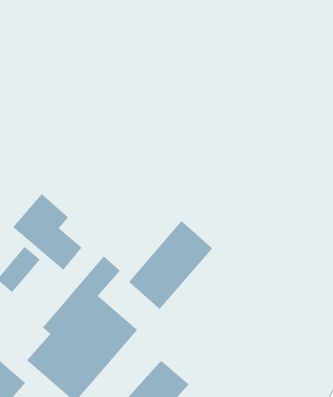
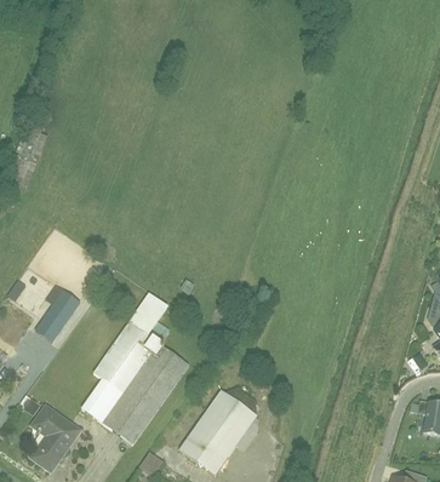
building: [12,193,83,271] -> none
building: [128,220,213,310] -> none

